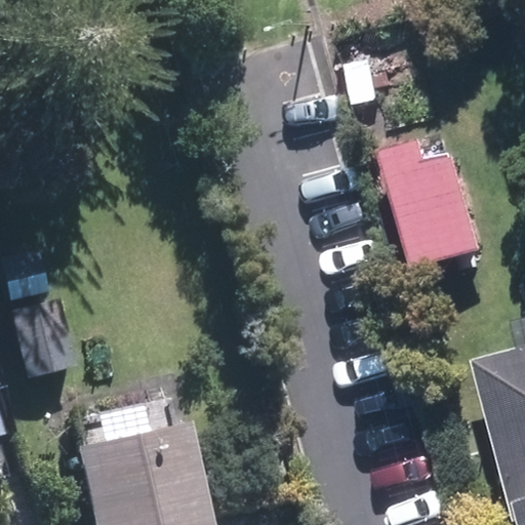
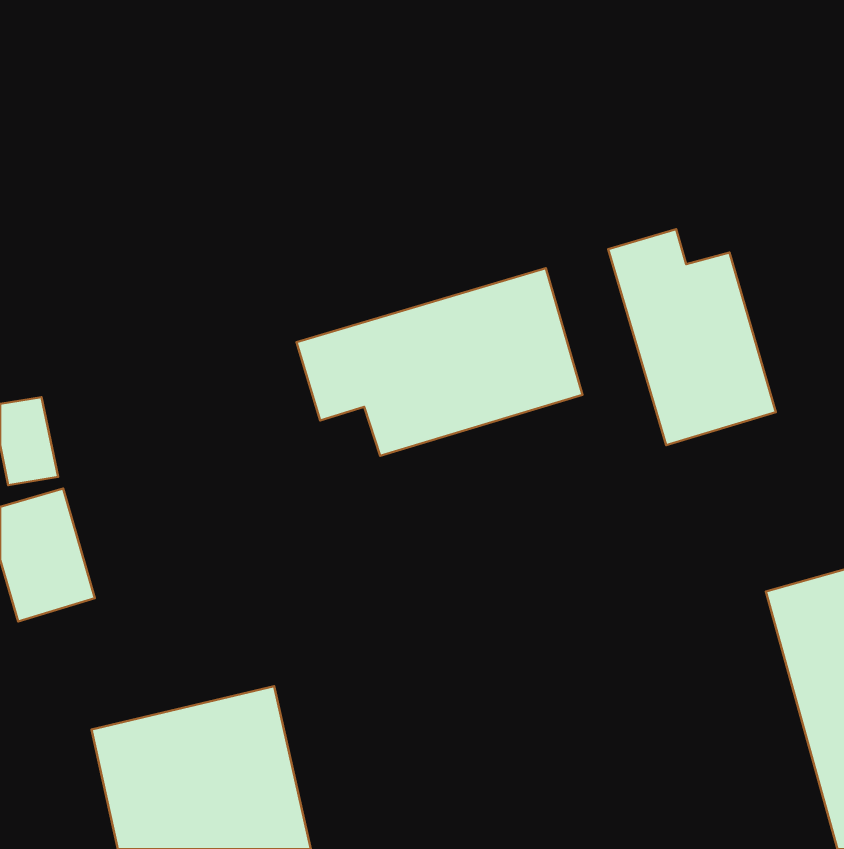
building: none -> [297,268,582,456]

